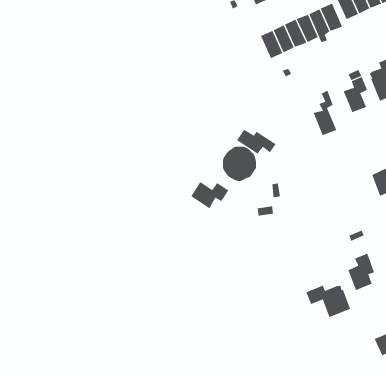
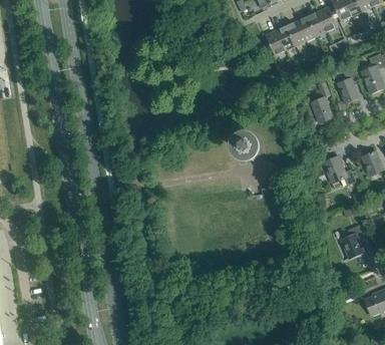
building: [236,129,276,155] -> none
building: none -> [324,155,357,186]
building: [191,181,229,209] -> none
building: [305,285,351,318] -> none

